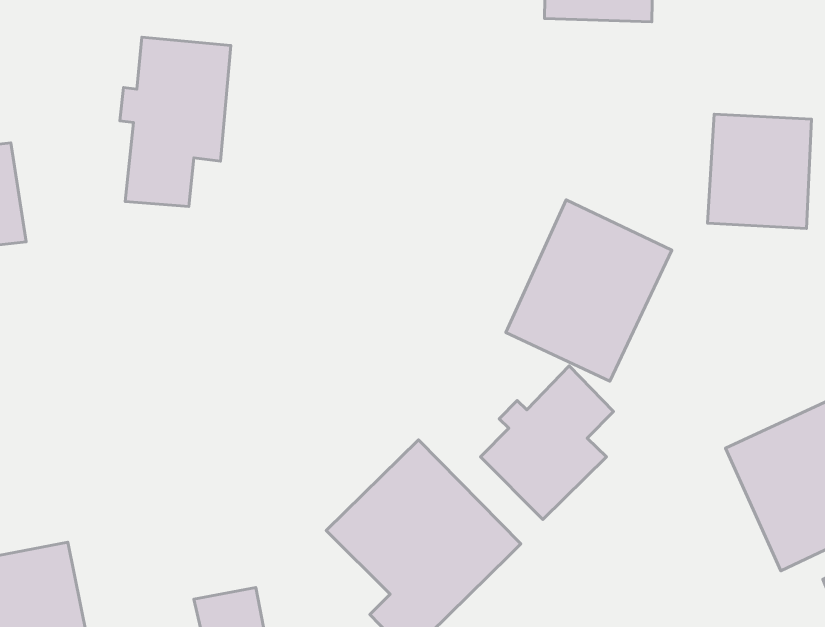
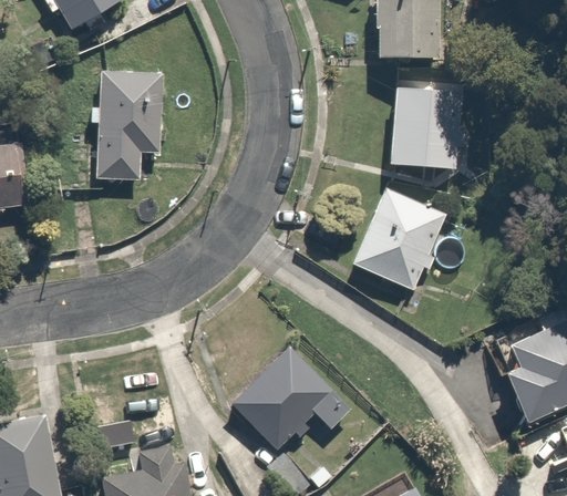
building: [707,114,811,228] -> [388,96,456,172]
building: [480,366,613,519] -> none

